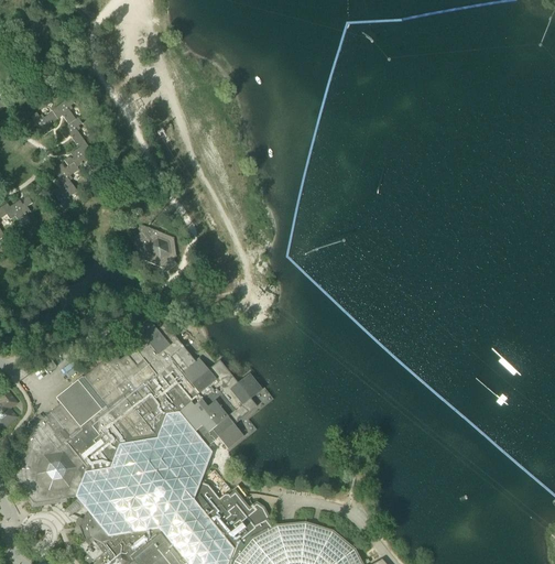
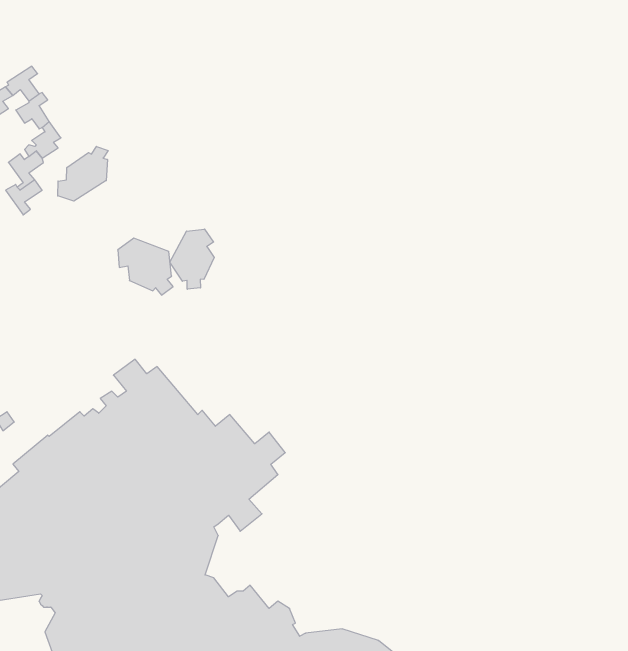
building: none -> [58,146,108,201]
building: none -> [170,229,214,289]

